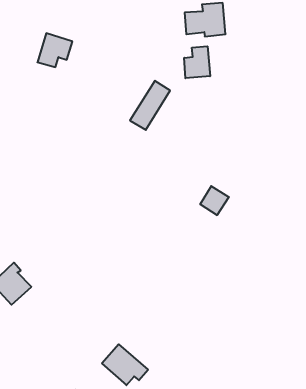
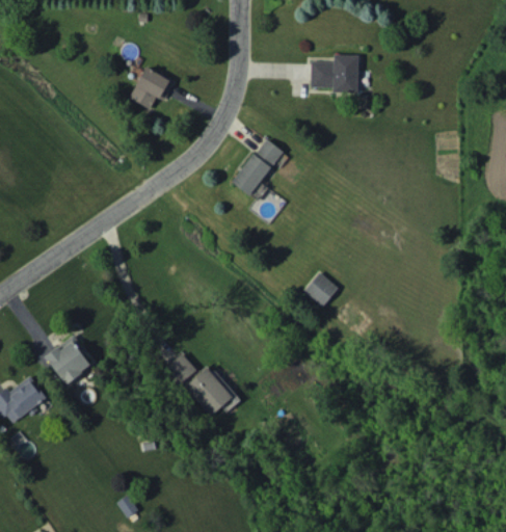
building: [184,46,210,78] -> none
building: none -> [165,352,196,383]
building: [102,344,148,385] -> [185,366,239,416]

